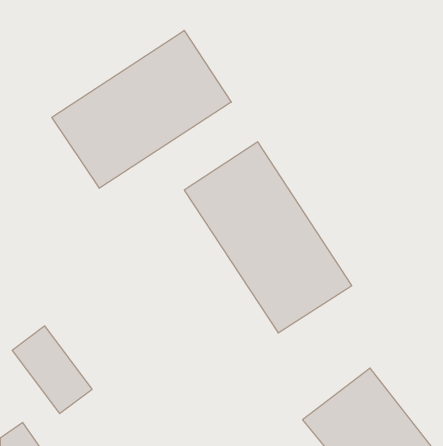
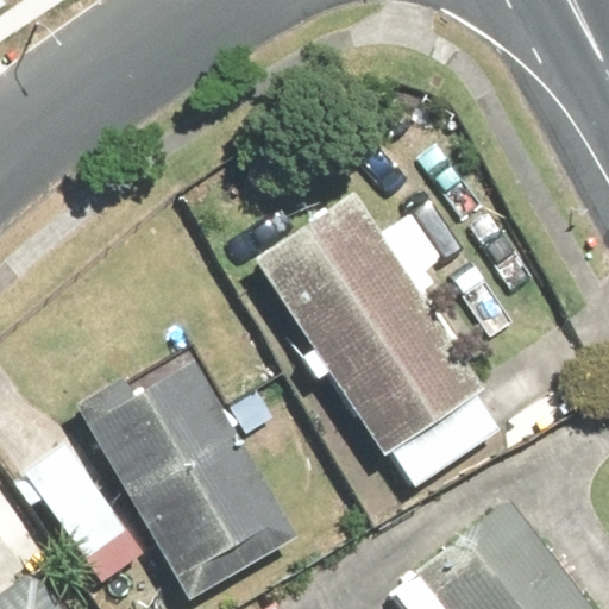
building: [52,30,231,188] -> none
building: none -> [83,363,297,601]

